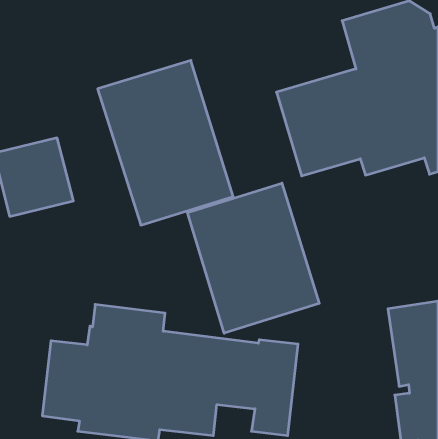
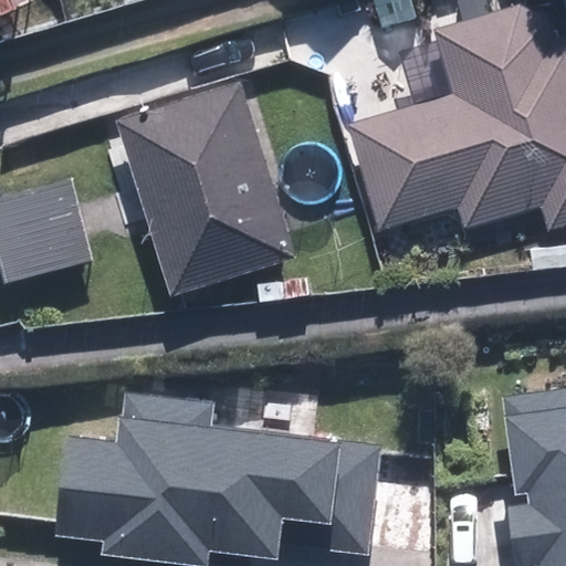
building: [188,183,319,333] -> none

